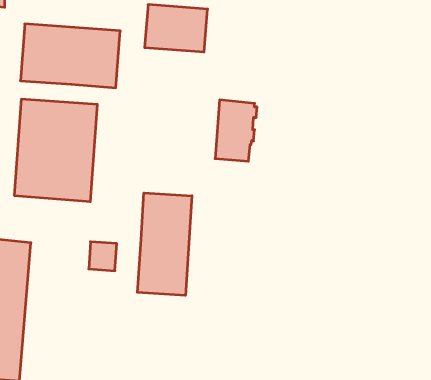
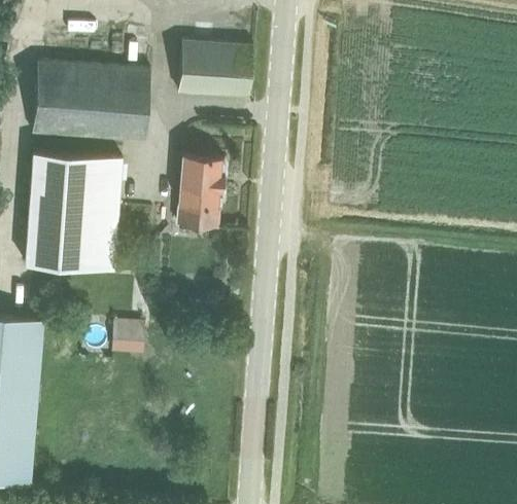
building: [215,100,257,161] -> [178,155,228,227]
building: [137,193,192,295] -> none

